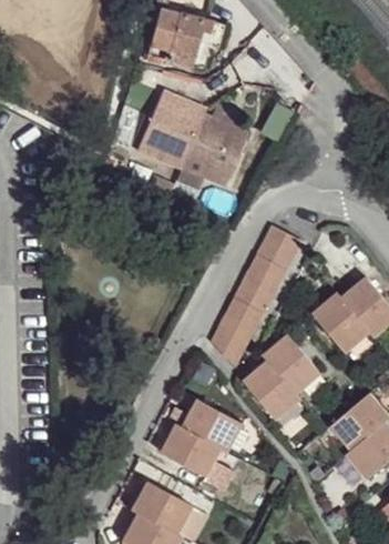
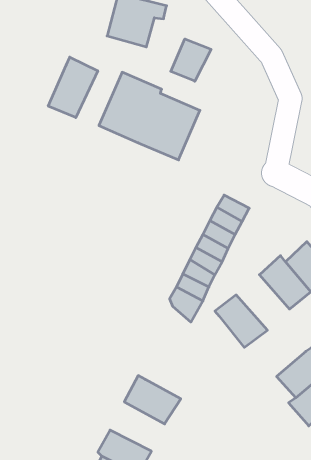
building: none -> [171,39,211,81]
building: none -> [48,57,98,118]
building: [244,360,300,420] -> none
building: [186,403,245,454] -> none

